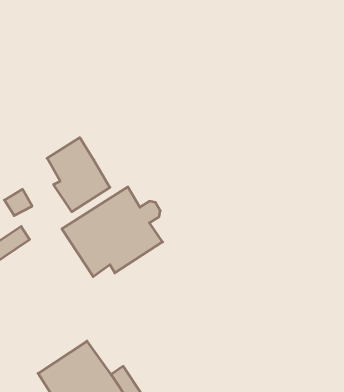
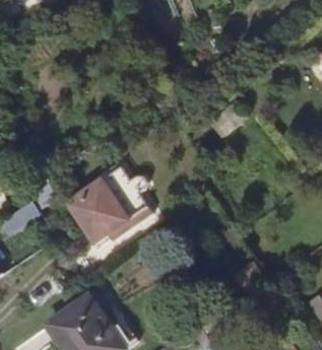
building: [47,138,110,212] -> none

